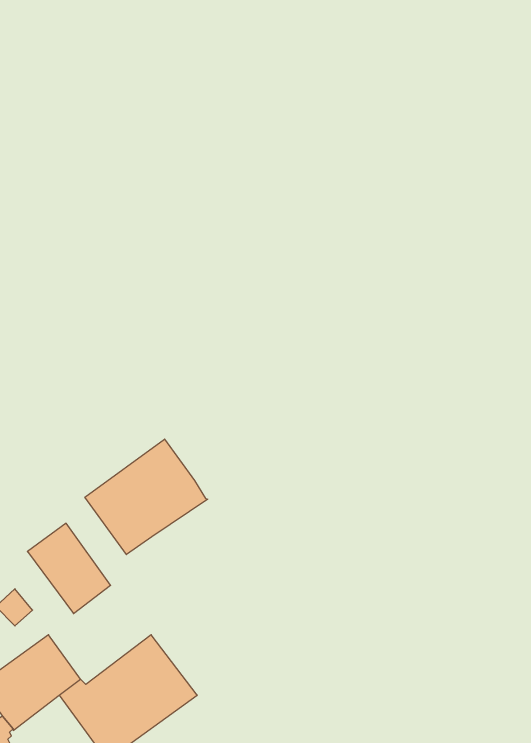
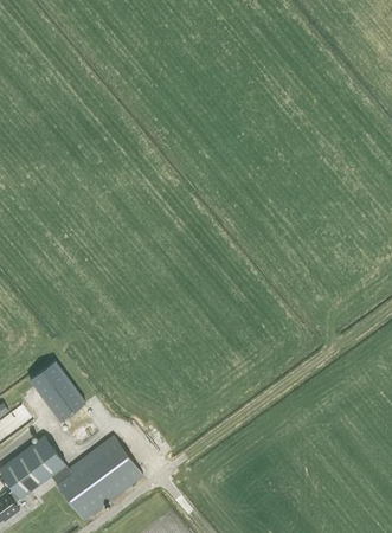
building: [85,439,208,555] -> none

